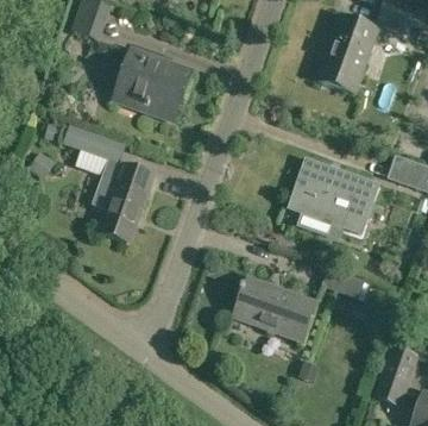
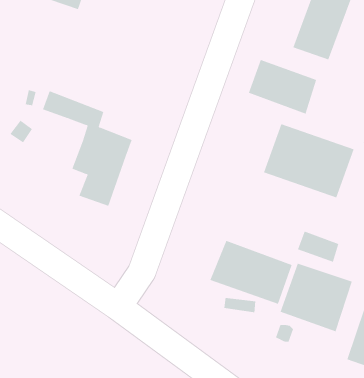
building: [114,49,191,120] -> none
building: none -> [248,59,317,114]
building: none -> [280,263,352,332]

